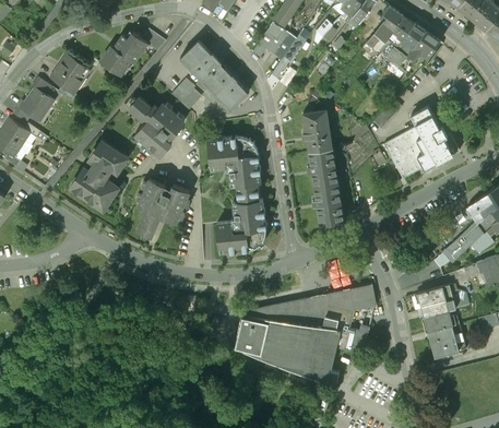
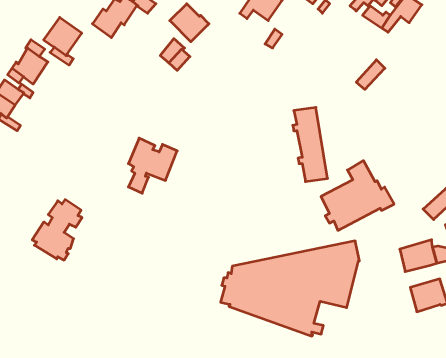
building: [202,62,248,109] -> none
building: [129,97,183,156] -> none
building: [383,106,459,178] -> [321,161,394,230]
building: [301,109,331,151] -> none
building: [207,136,265,252] -> none
building: [72,144,123,206] -> [32,200,82,260]
building: [423,310,459,333] -> none

